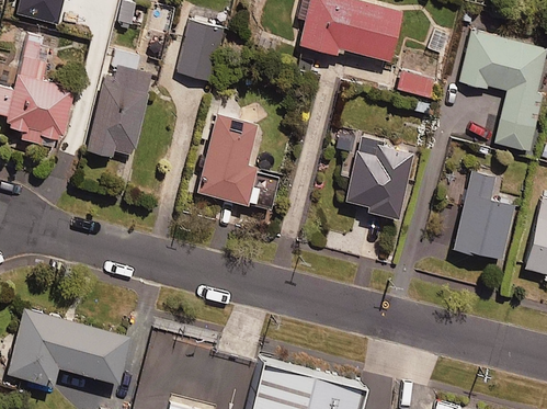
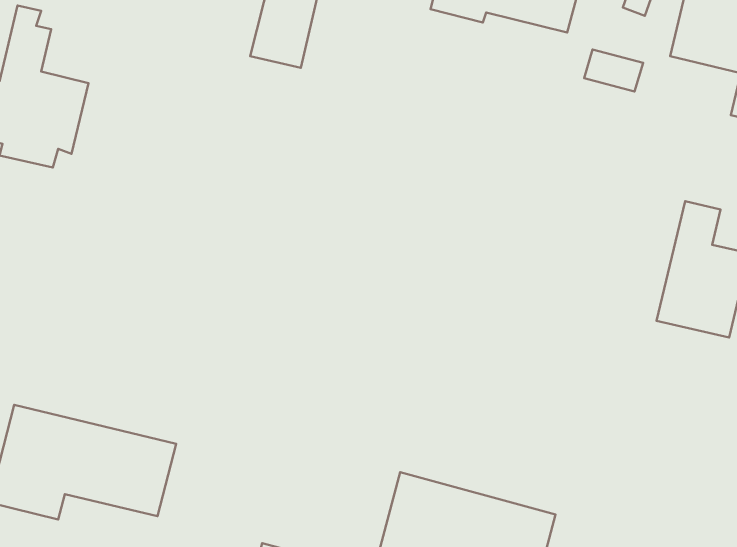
building: [87,52,153,162] -> none
building: [196,118,274,215] -> none
building: [345,144,413,223] -> none

